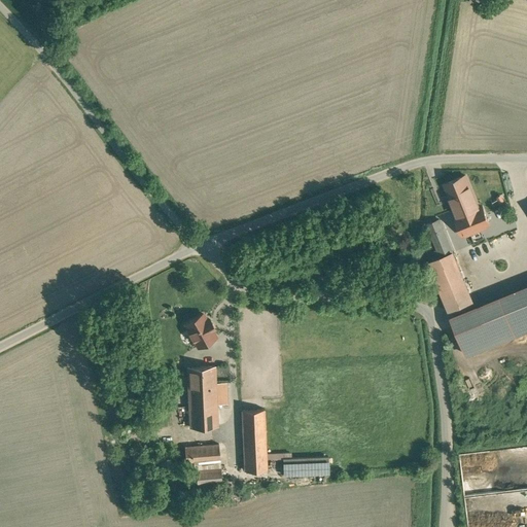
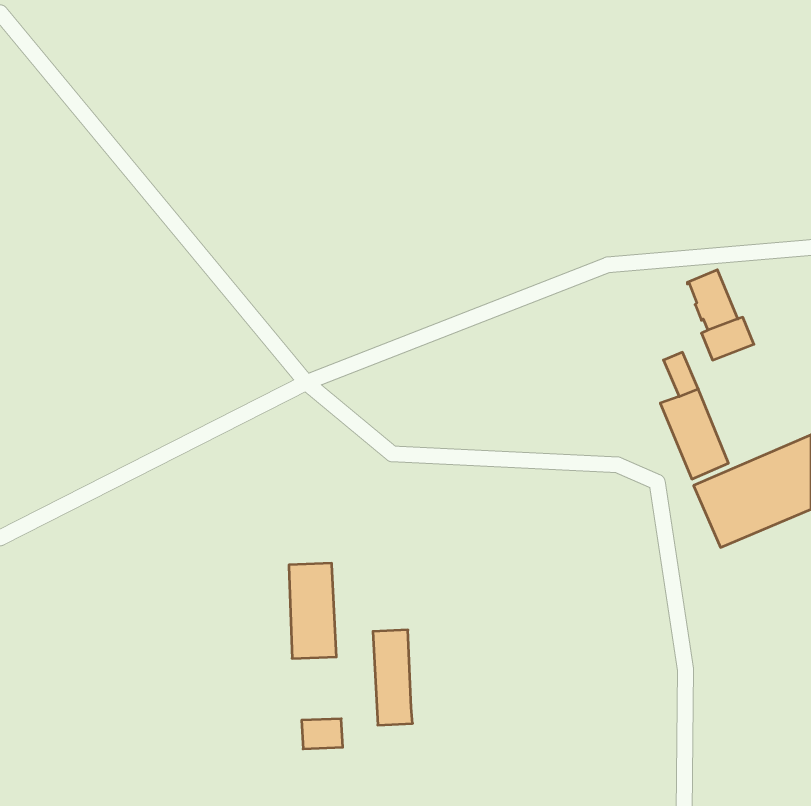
building: [185,317,216,349] -> none
building: [185,447,220,465] -> none
building: [283,459,329,478] -> none

